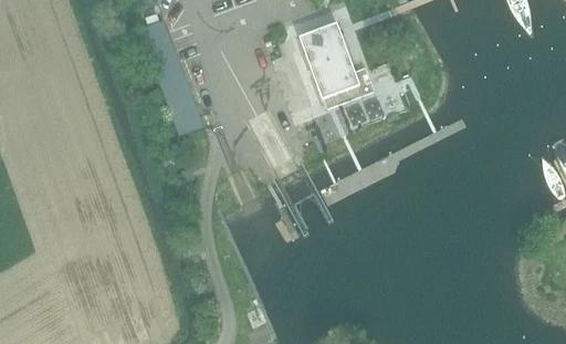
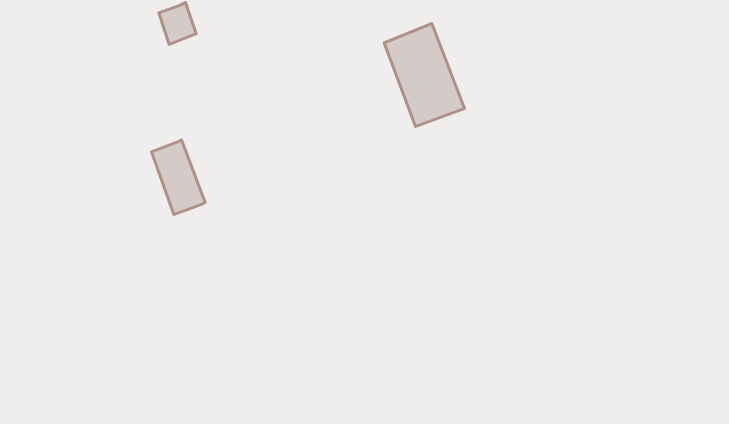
building: [148,37,178,72] -> none
building: [161,80,201,135] -> [152,140,205,215]

